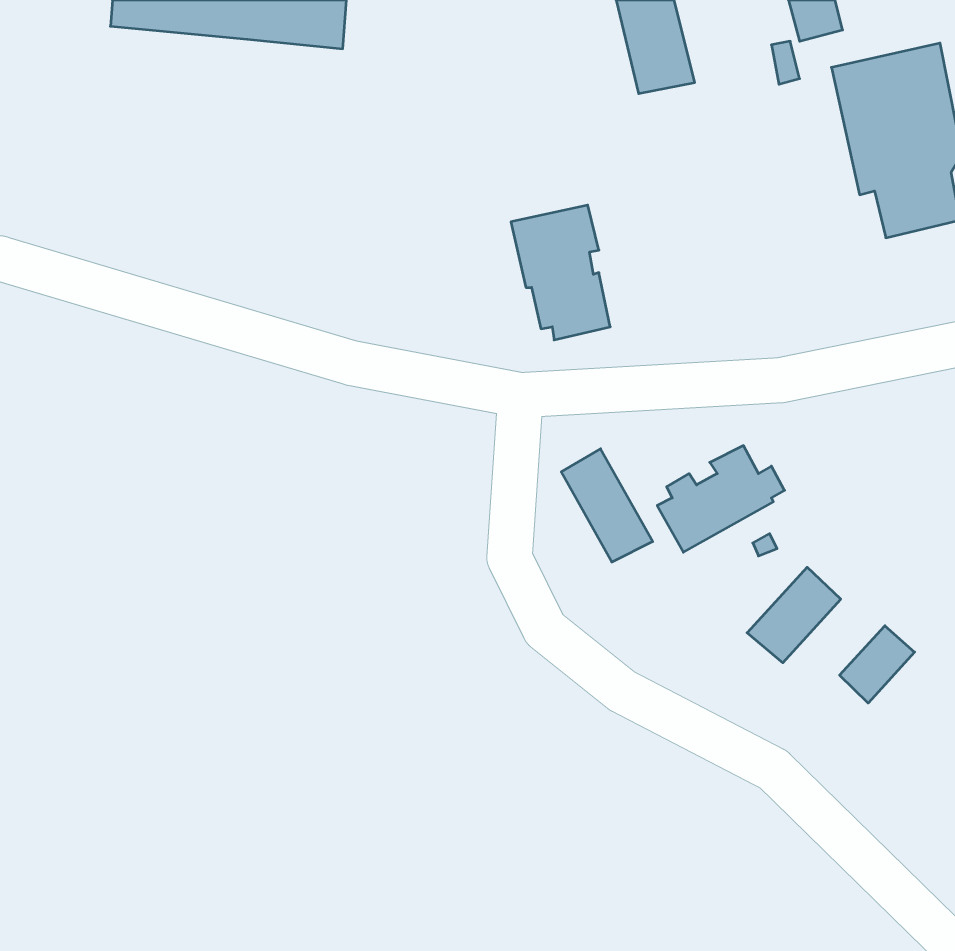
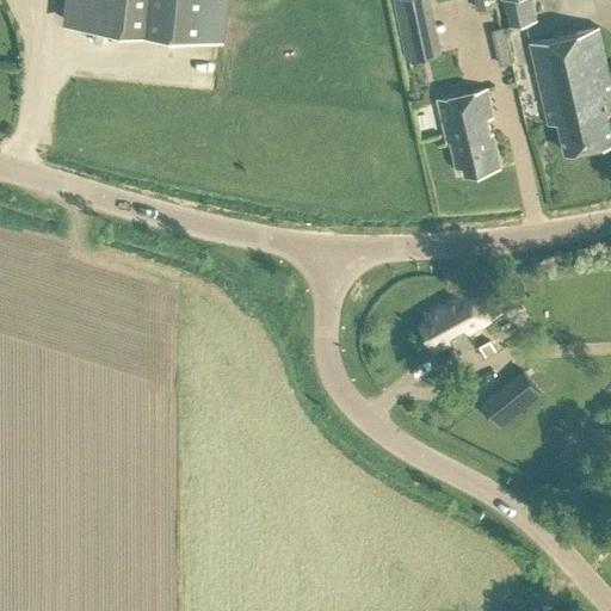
building: [511,205,610,340] -> [438,92,501,178]
building: [561,449,653,562] -> none
building: [840,626,915,703] -> none

